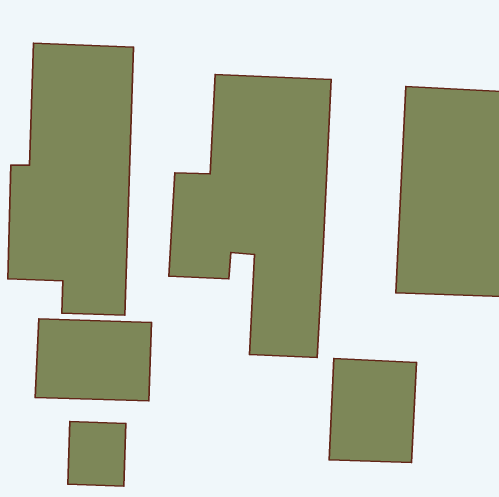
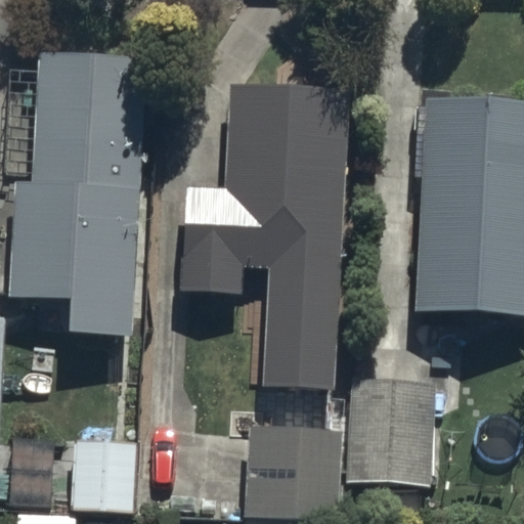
building: [35,319,151,401] -> none
building: none -> [242,427,339,519]

